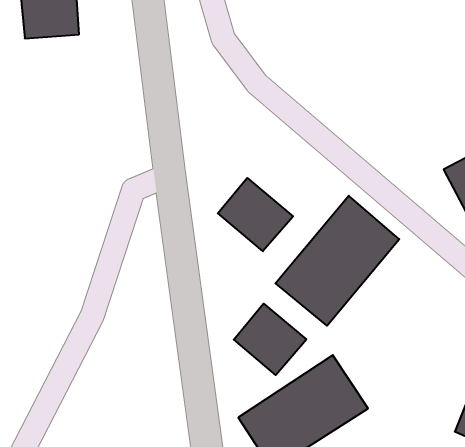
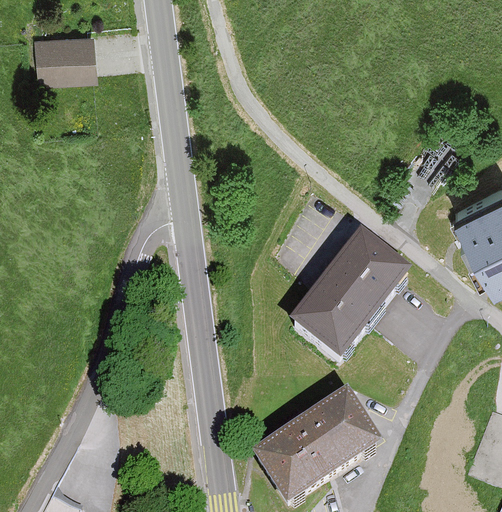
building: [218,178,293,251] -> none
building: [234,304,306,375] -> none

